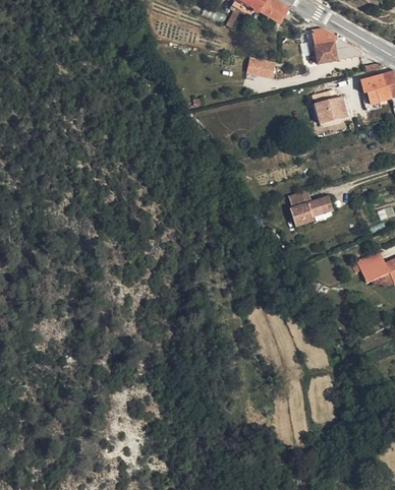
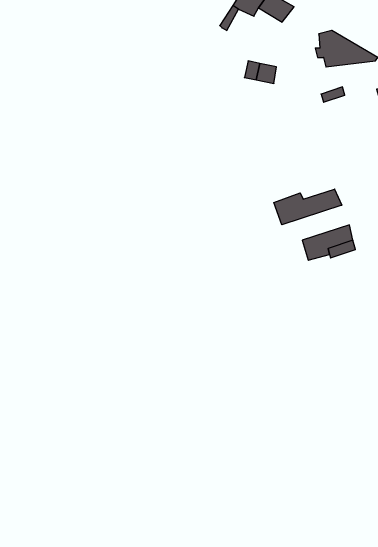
building: [314,97,347,123] -> none
building: none -> [274,189,342,225]

